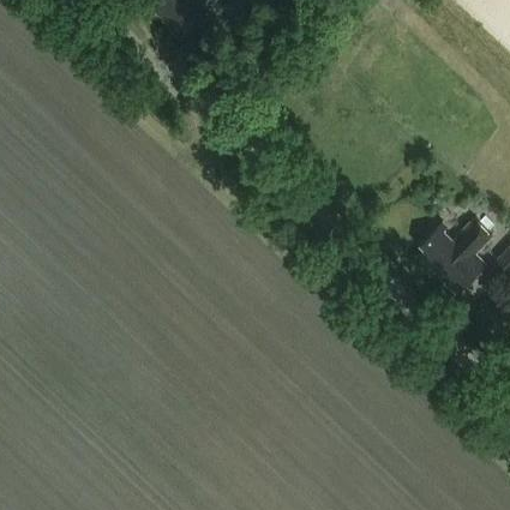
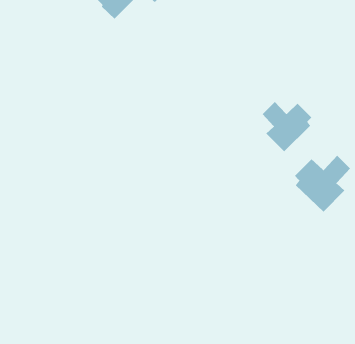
building: none -> [262,101,312,152]

